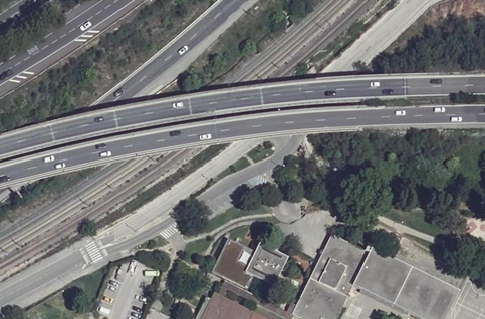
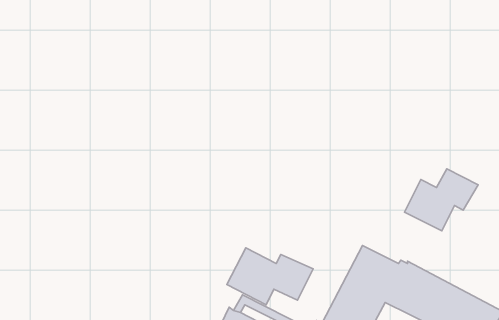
building: none -> [405,169,478,231]

